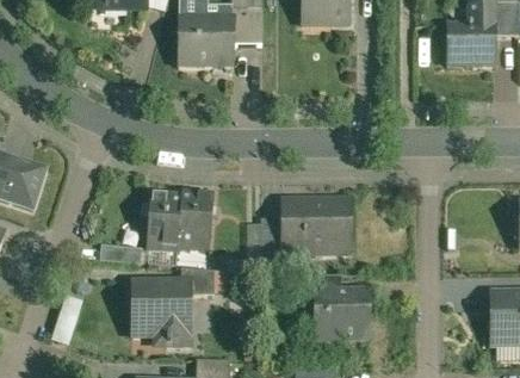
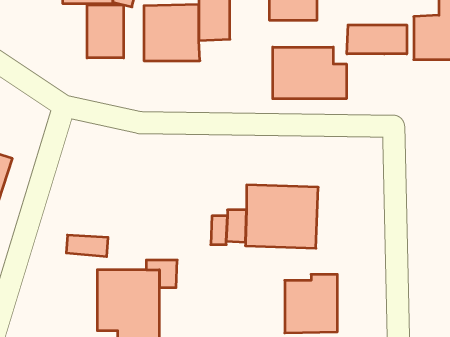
building: none -> [87,5,124,58]
building: none -> [347,25,407,54]
building: none -> [273,47,346,99]
building: [146,191,209,249] -> none

